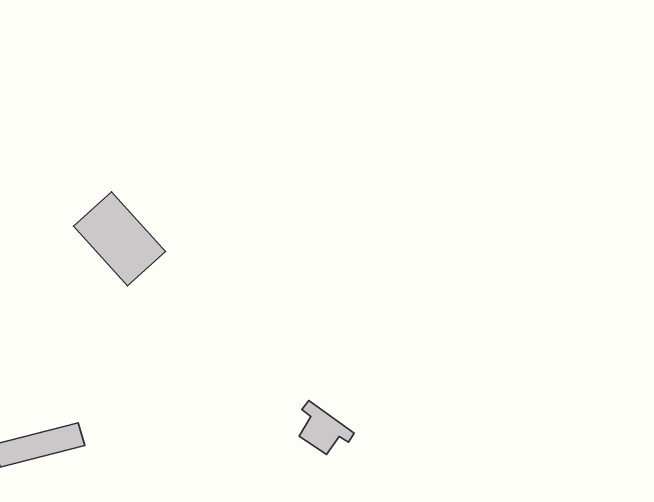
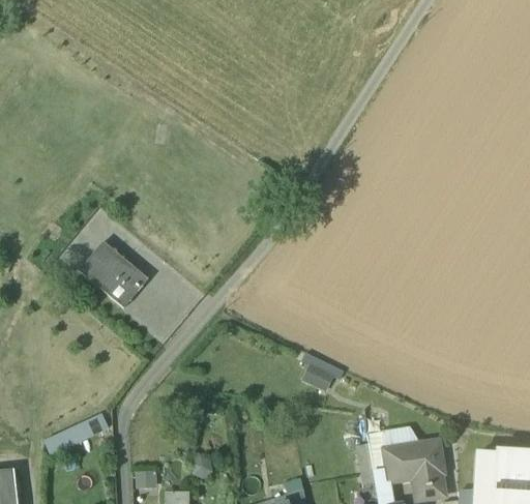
building: [299,400,354,455] -> [303,353,344,390]

